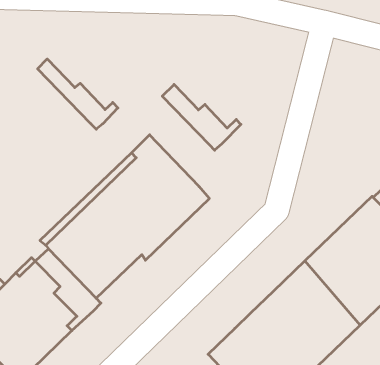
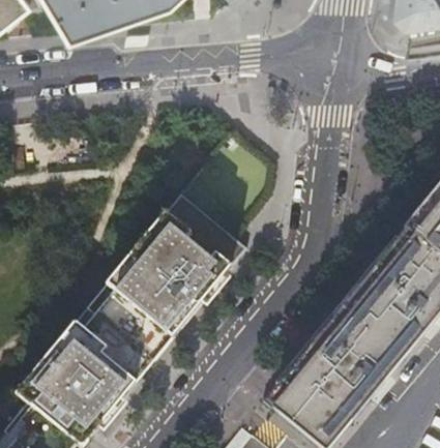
building: [38,59,118,129] -> none
building: [162,84,241,150] -> none

